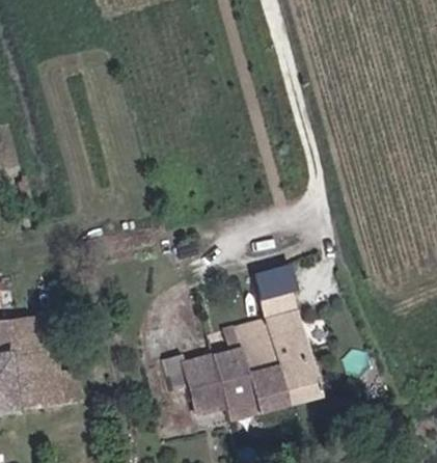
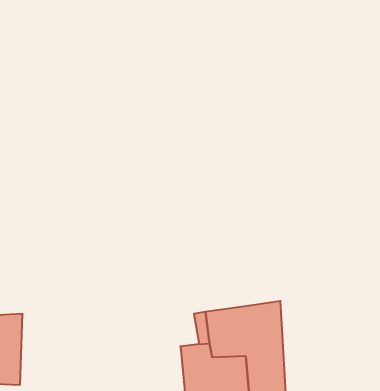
building: [253,262,301,316] -> none
building: [184,358,223,398] -> none

